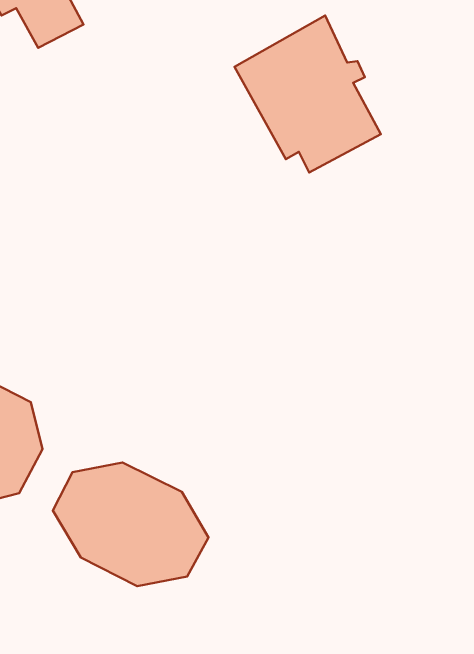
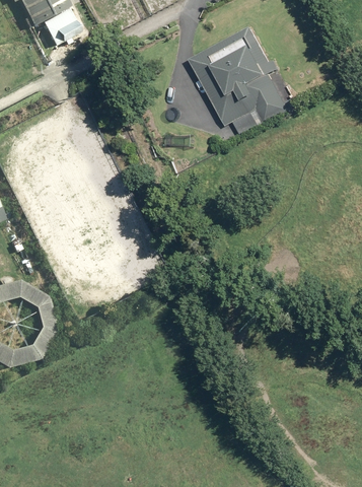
building: [53,463,208,586] -> none

